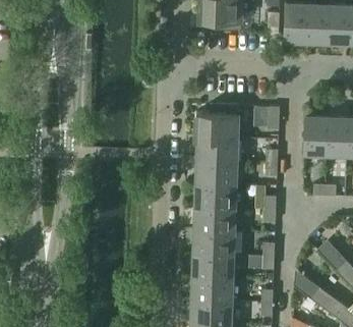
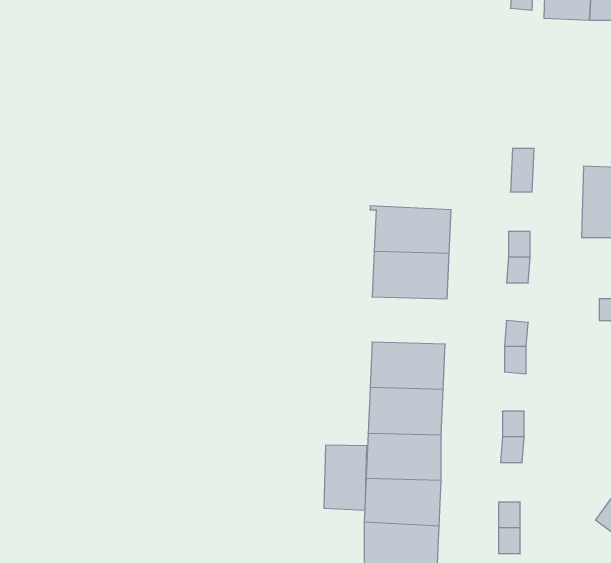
building: [195,105,238,139] -> none
building: [196,183,235,208] -> none
building: none -> [324,445,366,510]

